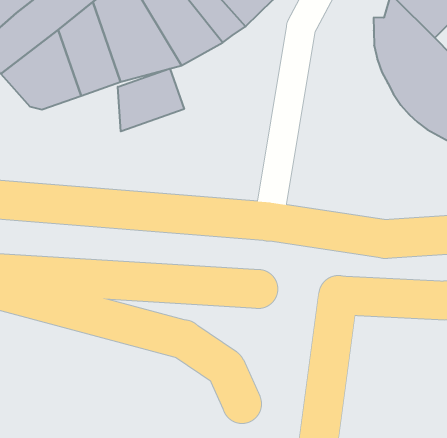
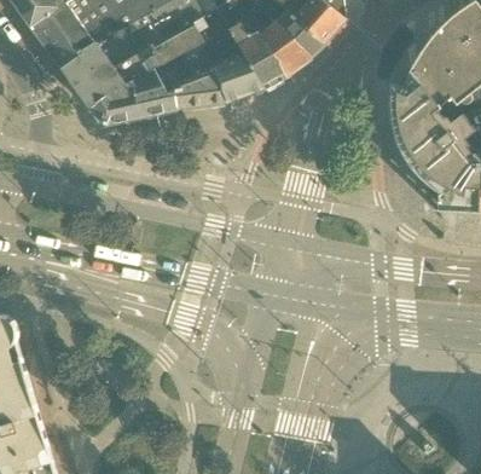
building: [118,69,184,131] -> none

